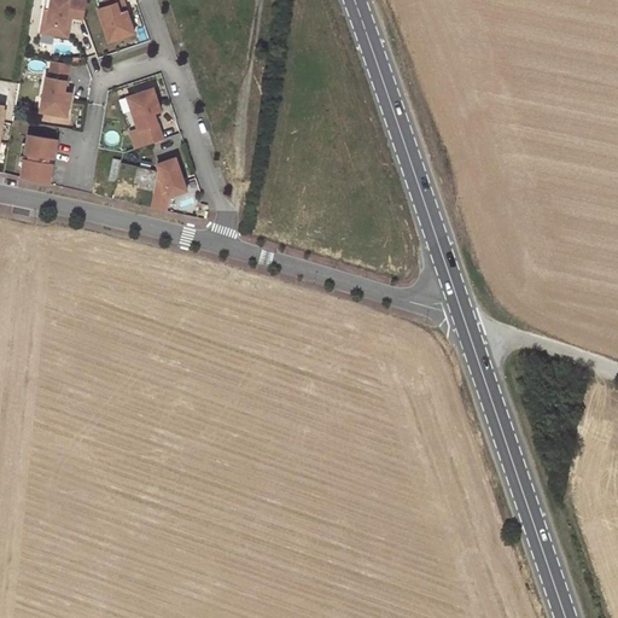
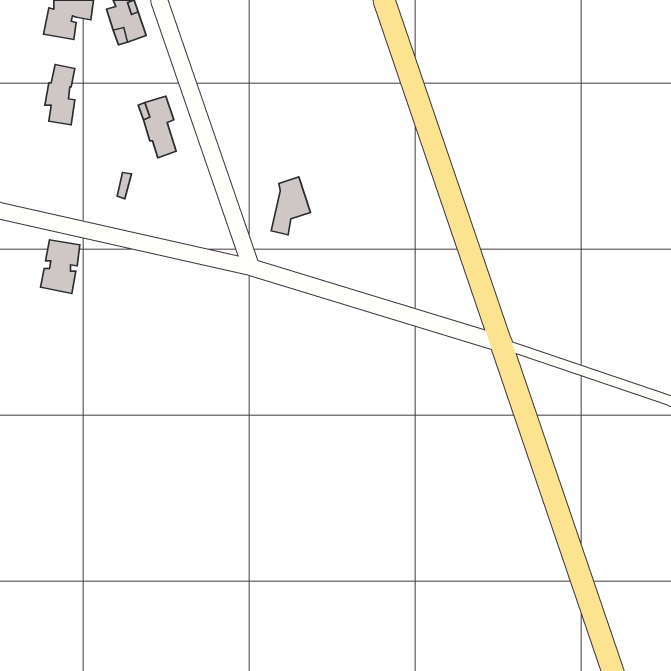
building: [19,135,56,185] -> [40,240,80,294]
building: [150,159,186,212] -> [271,177,311,235]

